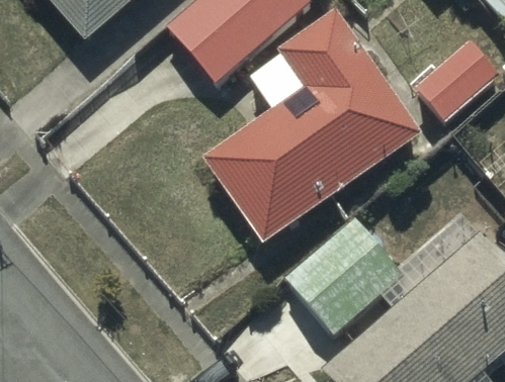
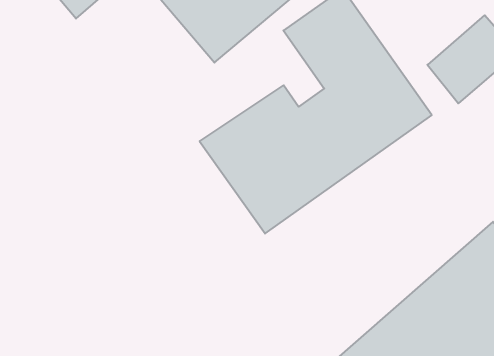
building: [283,217,404,335] -> none

